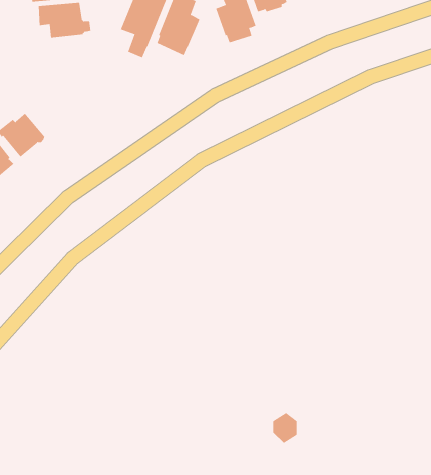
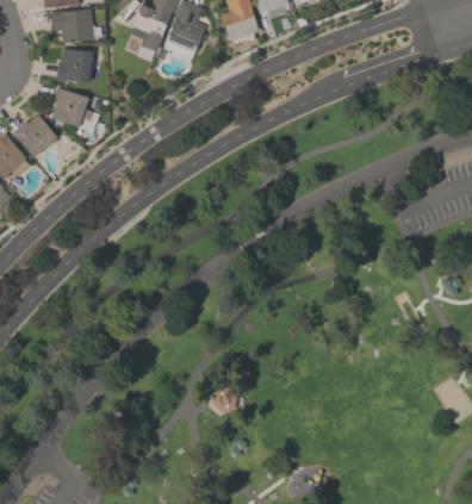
building: none -> [56,48,93,81]
building: none -> [48,86,99,130]
building: [273,412,297,444] -> [213,386,237,416]

